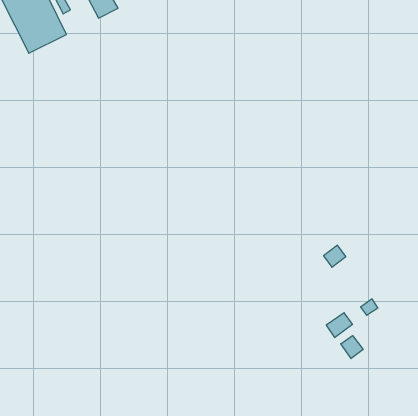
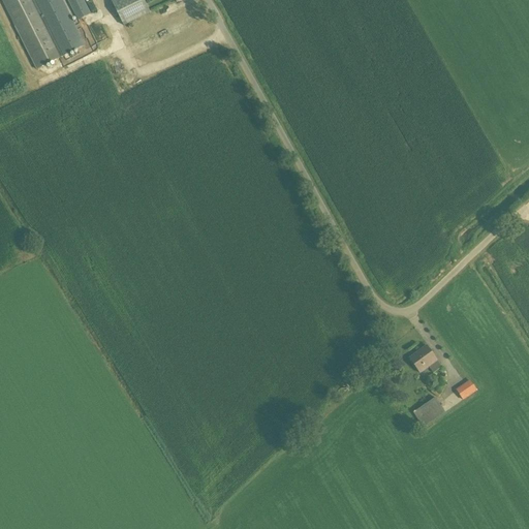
building: [324,245,346,267] -> [408,343,436,371]
building: [341,336,363,359] -> none

